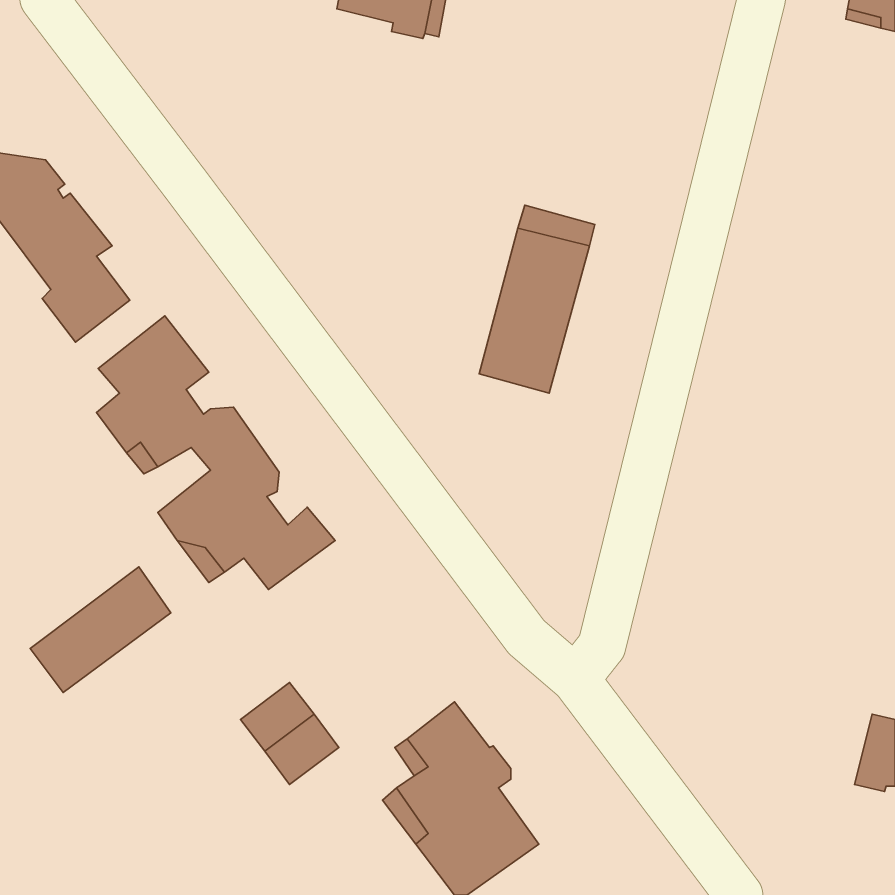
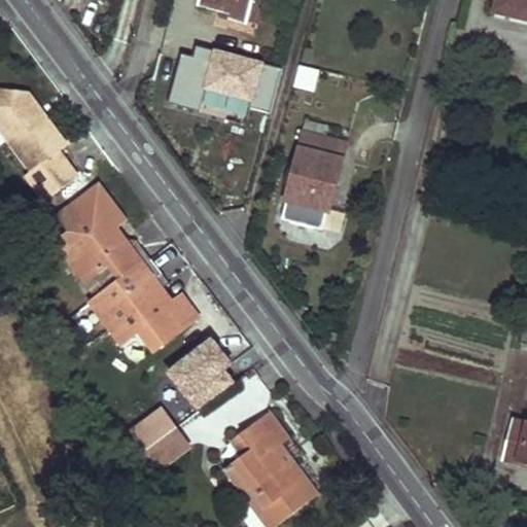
building: none -> [167,47,278,119]
building: none -> [160,330,233,410]
building: [30,567,171,692] -> none

